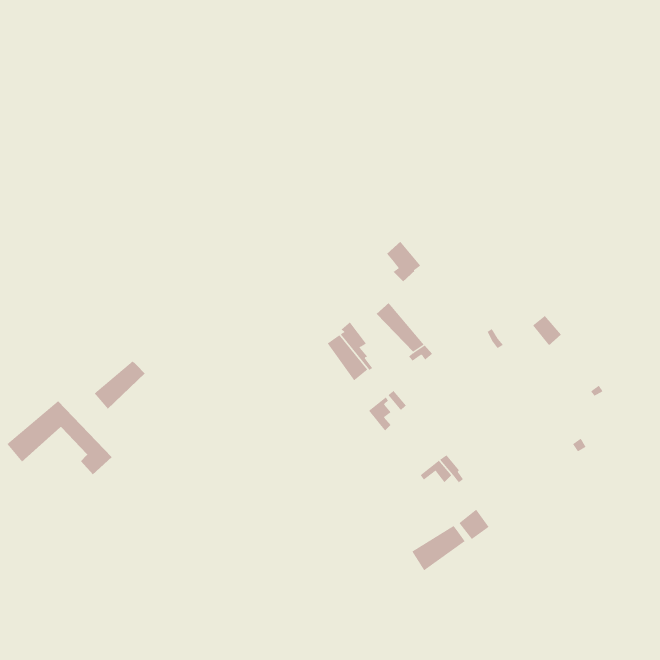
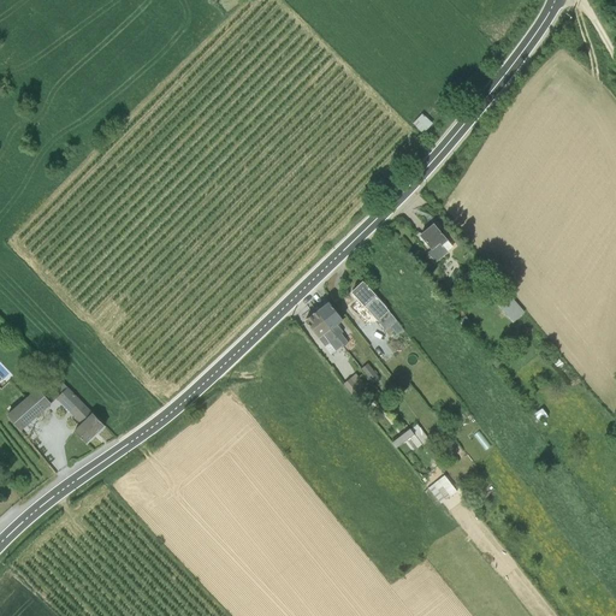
building: [386,241,421,282] -> [420,224,452,262]
building: [94,360,146,410] -> none
building: [411,525,466,571] -> none

